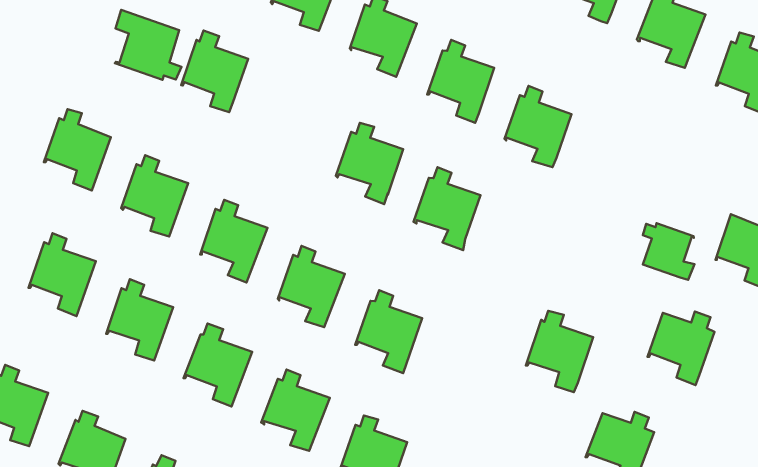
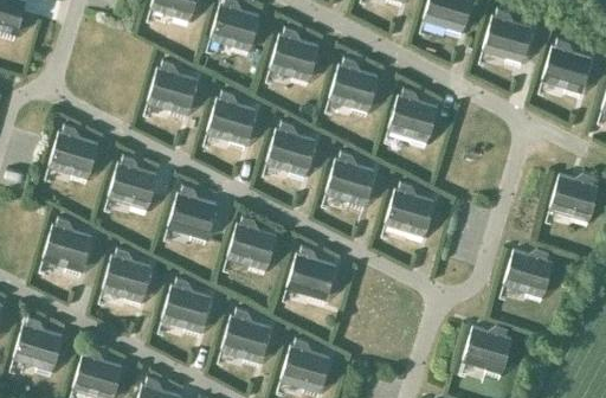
building: [115,10,181,80] -> none
building: none -> [207,92,256,152]
building: [643,223,695,280] -> none
building: [526,311,593,392] -> [386,184,434,243]

